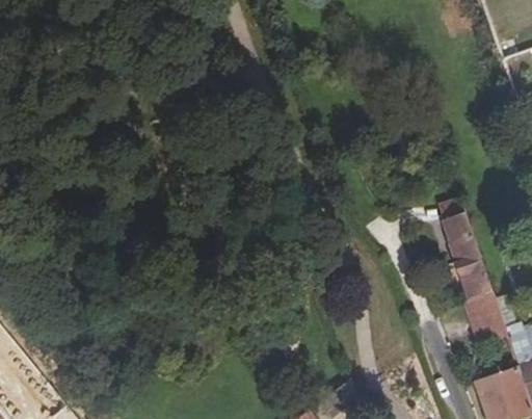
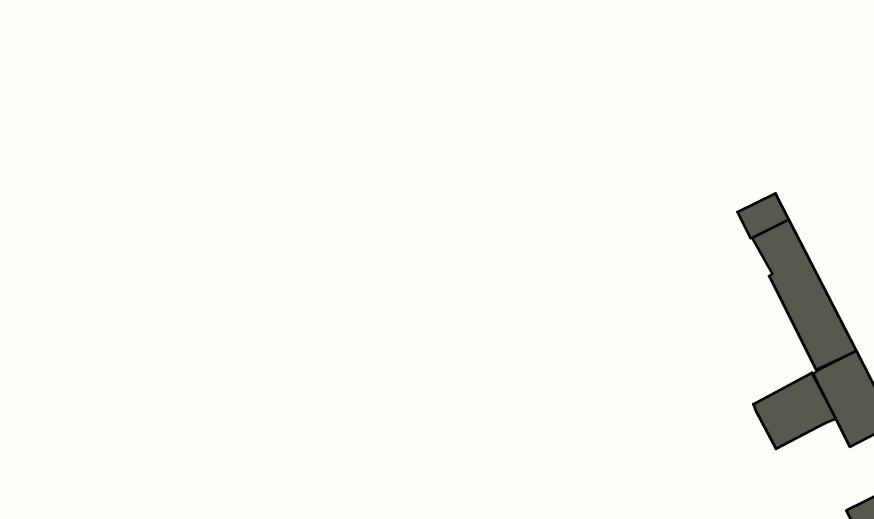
building: none -> [753,373,836,449]

